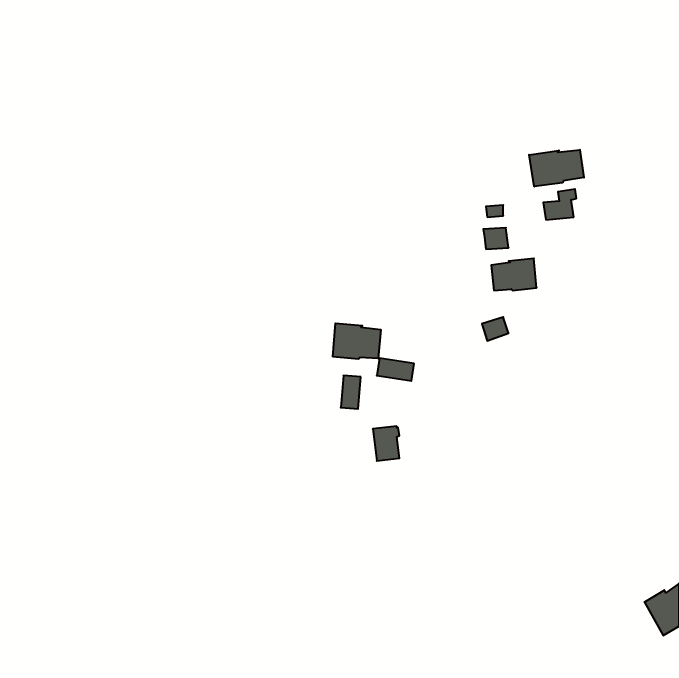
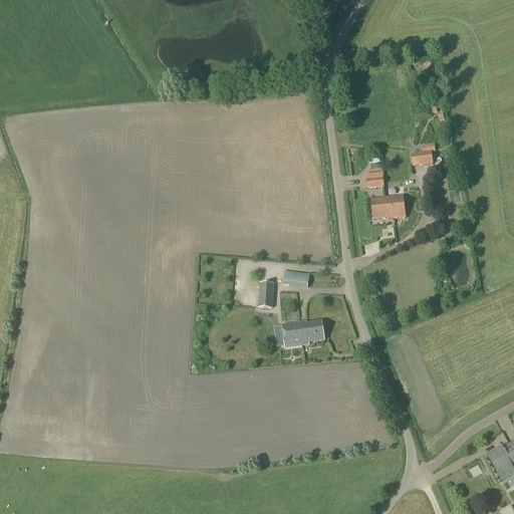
building: [529,150,584,187] -> none
building: [333,323,381,359] -> none
building: none -> [299,320,324,345]

